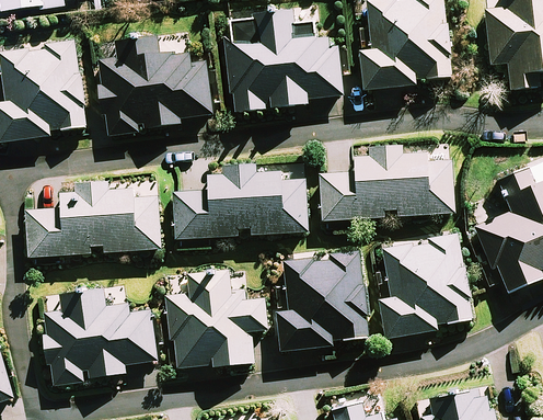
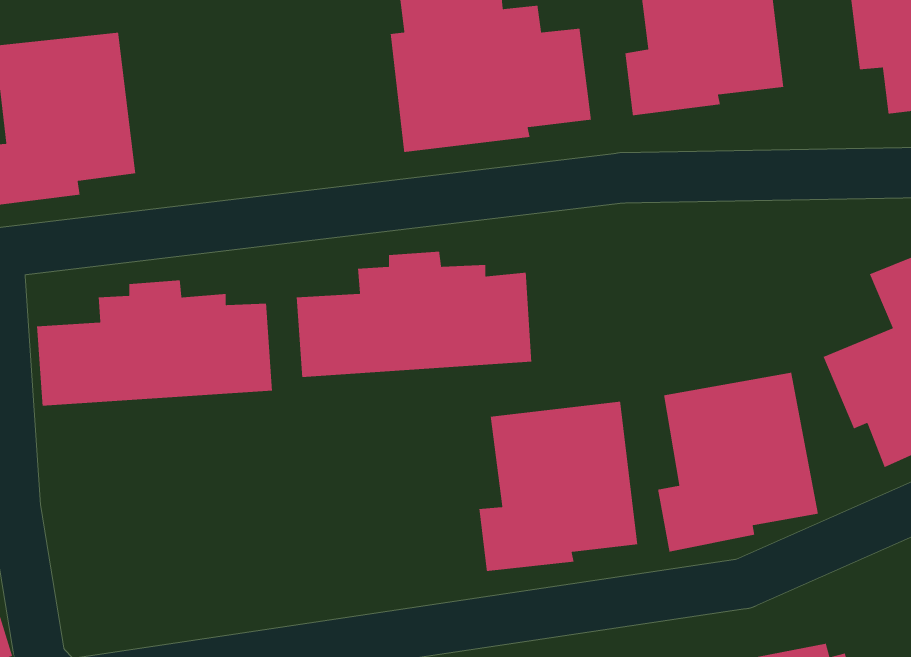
building: [97,37,212,137] -> none
building: [319,148,453,220] -> none
building: [169,271,264,366] -> none
building: [45,291,154,383] -> none

